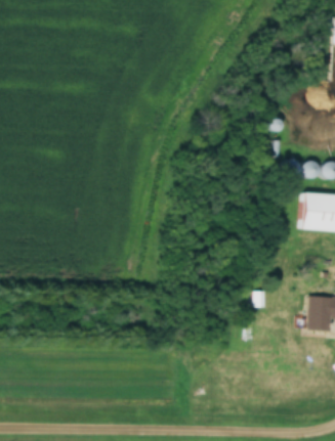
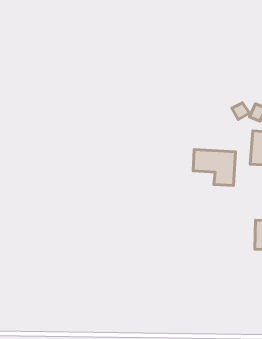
building: none -> [193,149,236,185]

